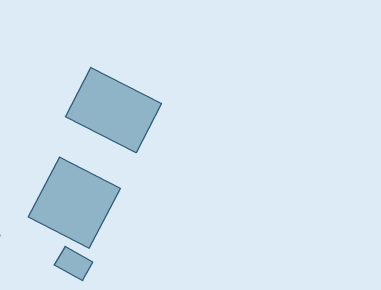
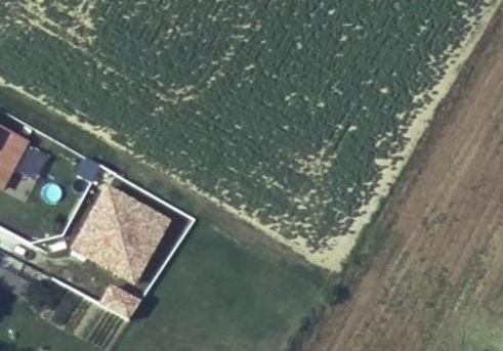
building: [65,67,161,153] -> none

